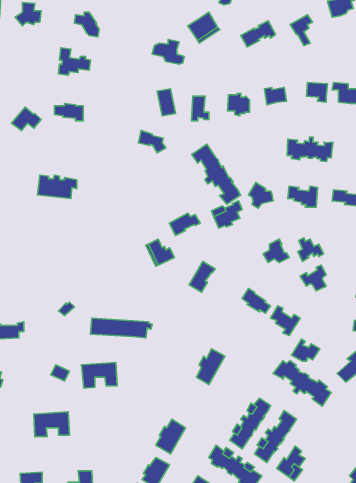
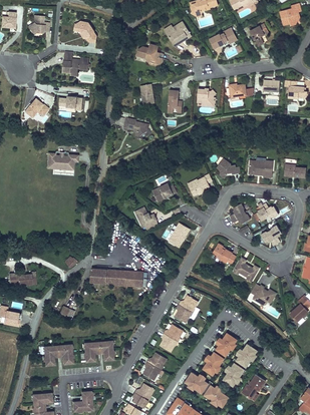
building: [287,137,333,162] -> none
building: [192,144,240,204] -> none
building: [273,361,331,406] -> none
building: [81,362,117,388] -> [83,343,112,364]
building: none -> [160,324,184,353]

